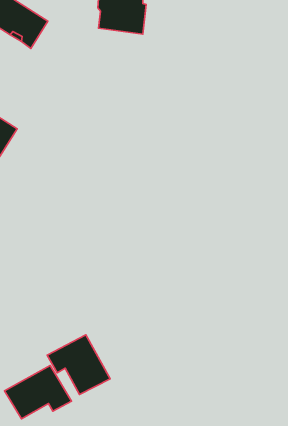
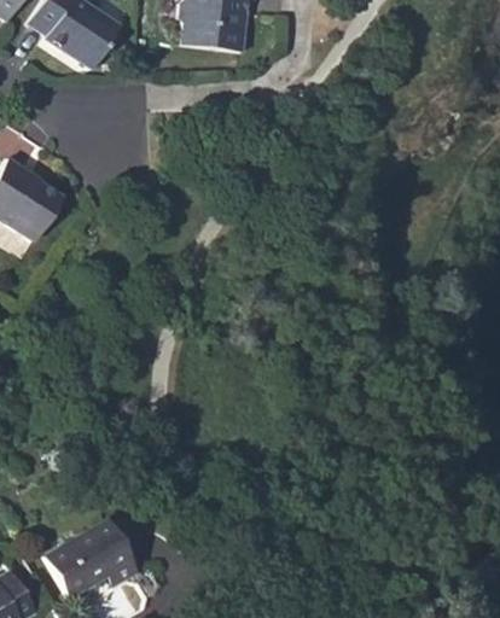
building: [47,335,110,394] -> none

